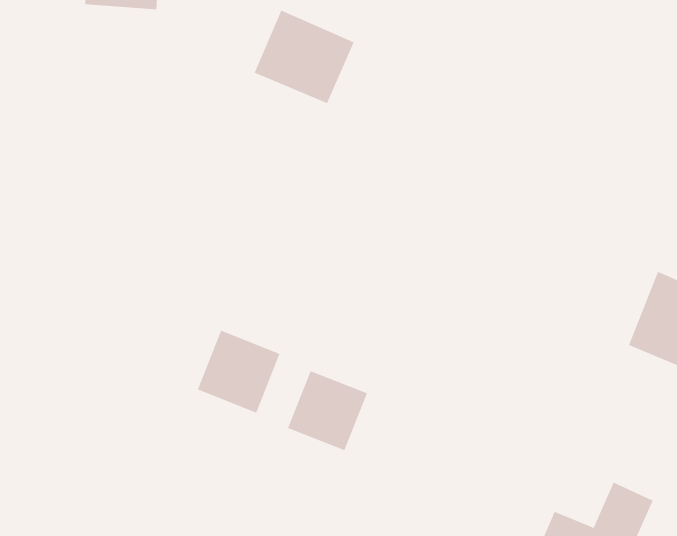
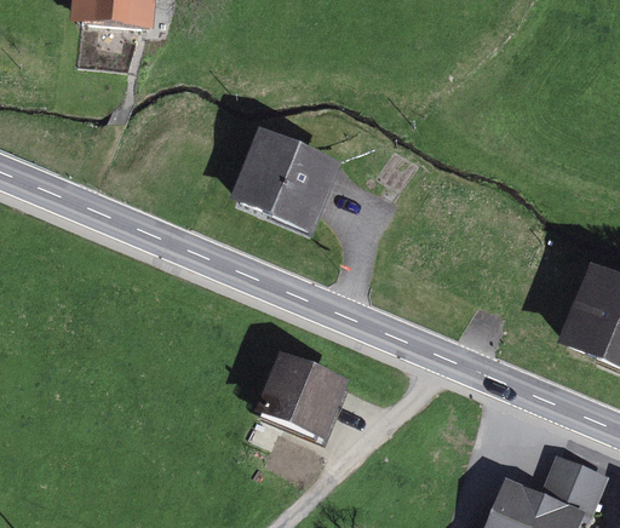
building: [254,10,354,104] -> [240,143,331,228]
building: [197,330,280,413] -> none

